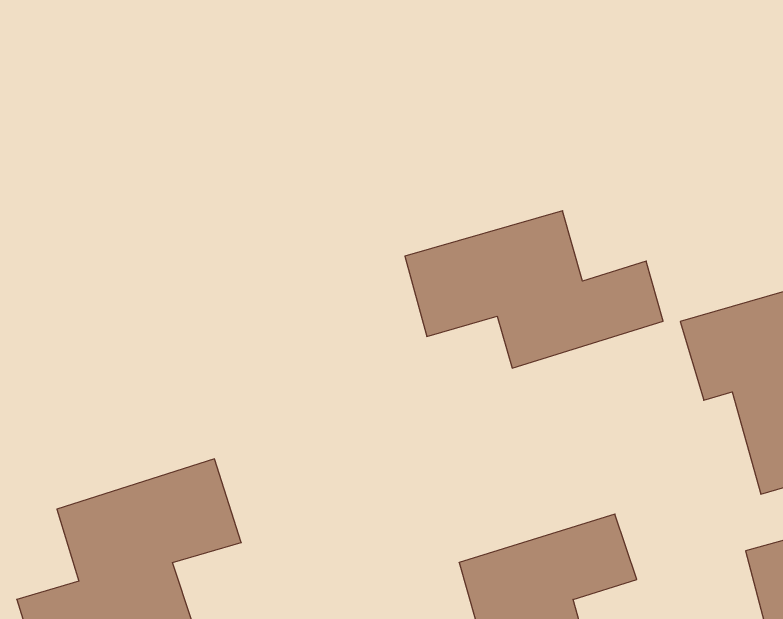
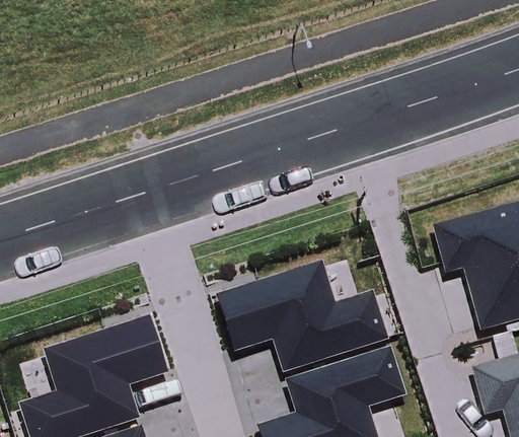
building: [405,211,663,368] -> [226,264,382,359]

